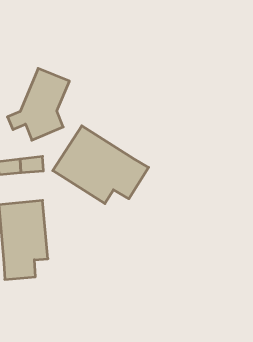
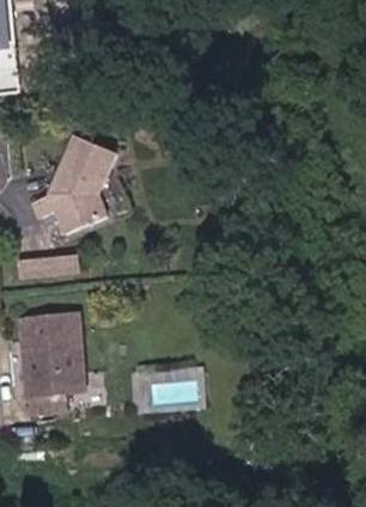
building: [53,126,149,204] -> none

